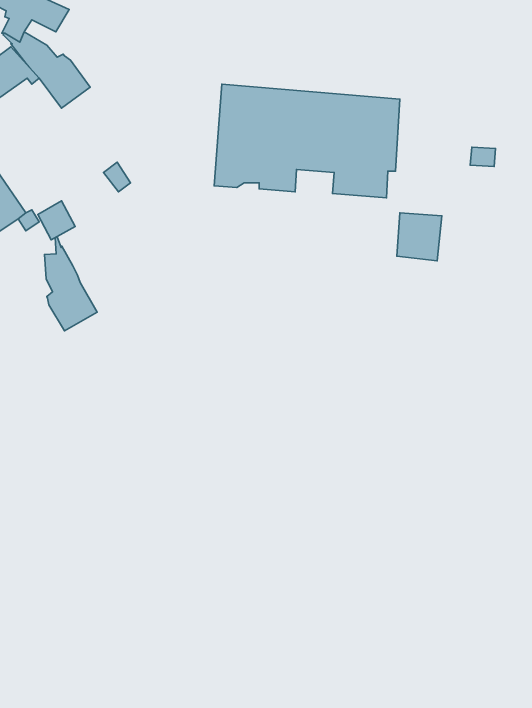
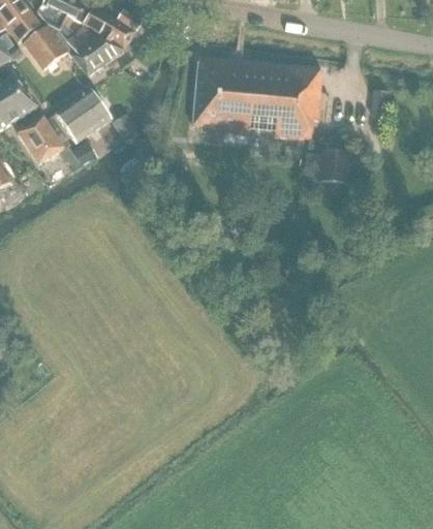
building: none -> [61,7,142,61]
building: none -> [55,88,111,142]
building: [44,237,97,331] -> none

